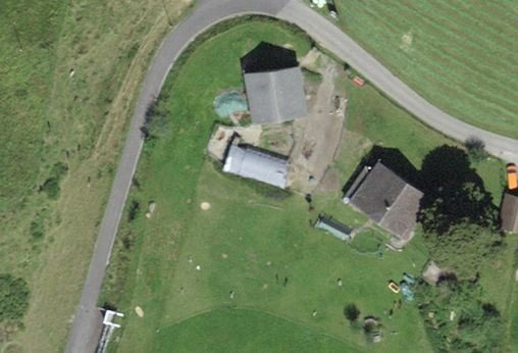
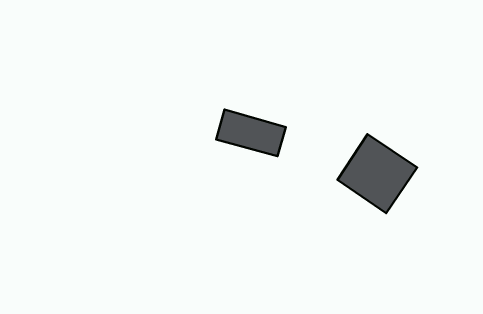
building: [249,68,307,122] -> none

